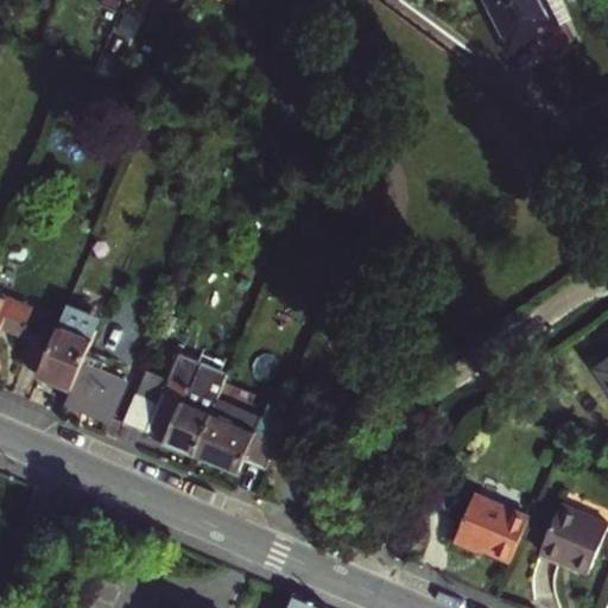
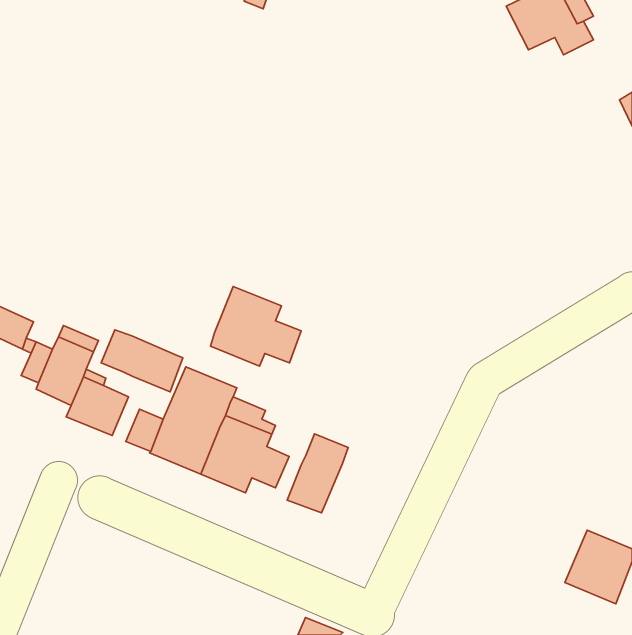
building: none -> [210,287,301,366]
building: none -> [101,330,183,392]
building: none -> [287,434,348,513]
building: [452,495,528,562] -> none

